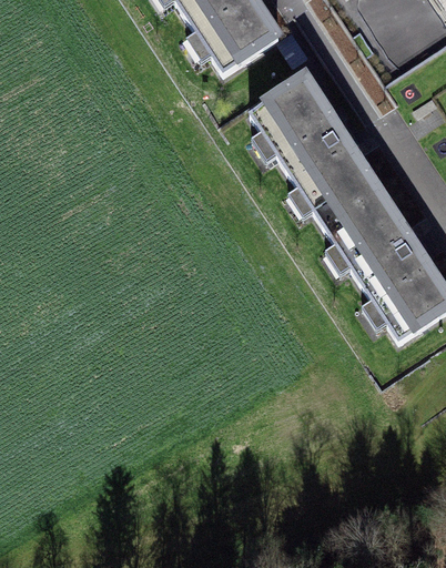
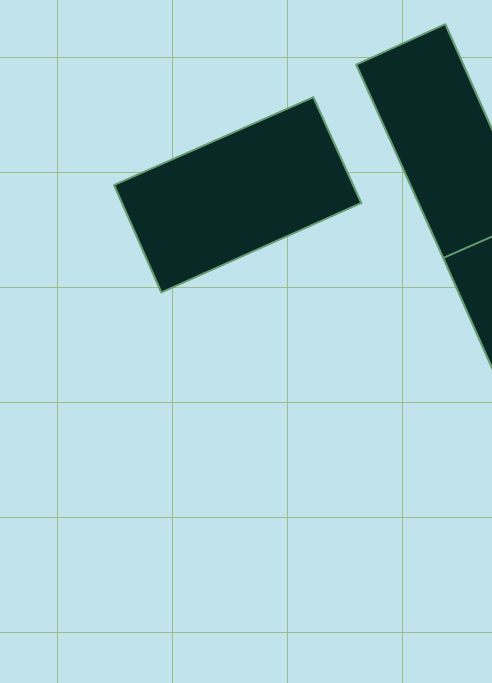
building: none -> [114,97,361,293]

